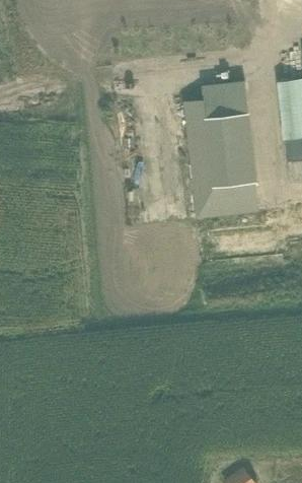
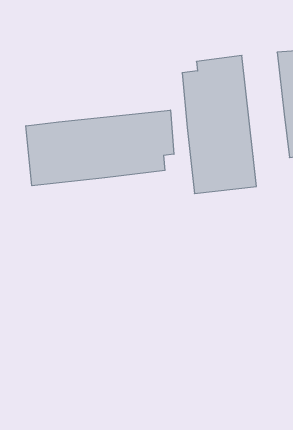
building: none -> [26,110,174,186]

